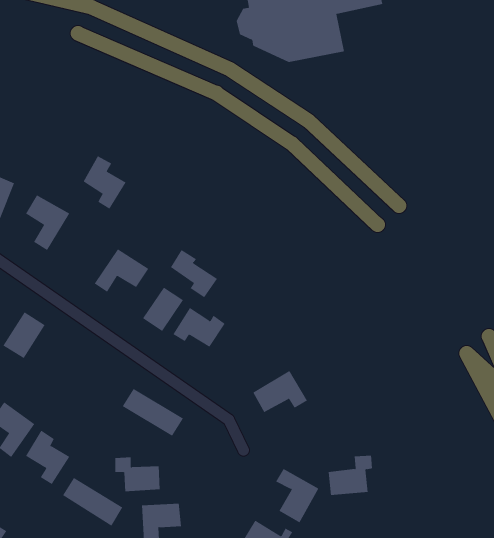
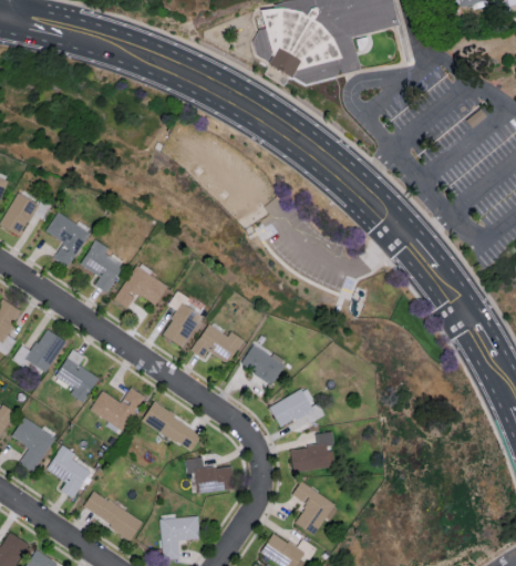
building: [83,156,127,210] -> [81,239,124,292]
building: [170,249,218,298] -> none
building: none -> [241,343,286,383]
building: none -> [56,349,99,403]
building: none -> [91,388,143,430]
building: [328,455,373,496] -> [290,432,334,472]
building: [114,457,161,492] -> [187,457,233,492]

